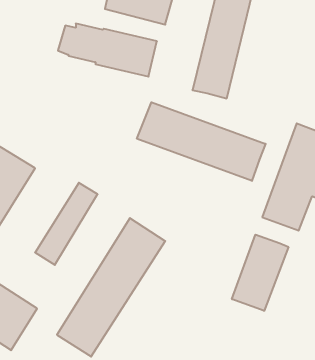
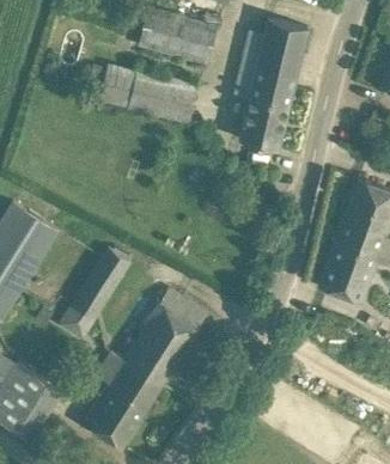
building: [137,102,266,181] -> none
building: [232,235,288,311] -> none

